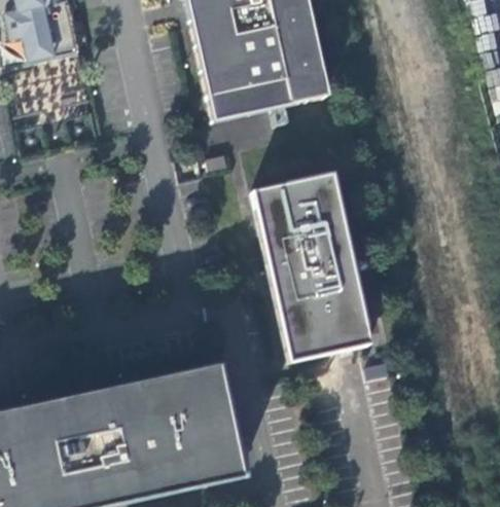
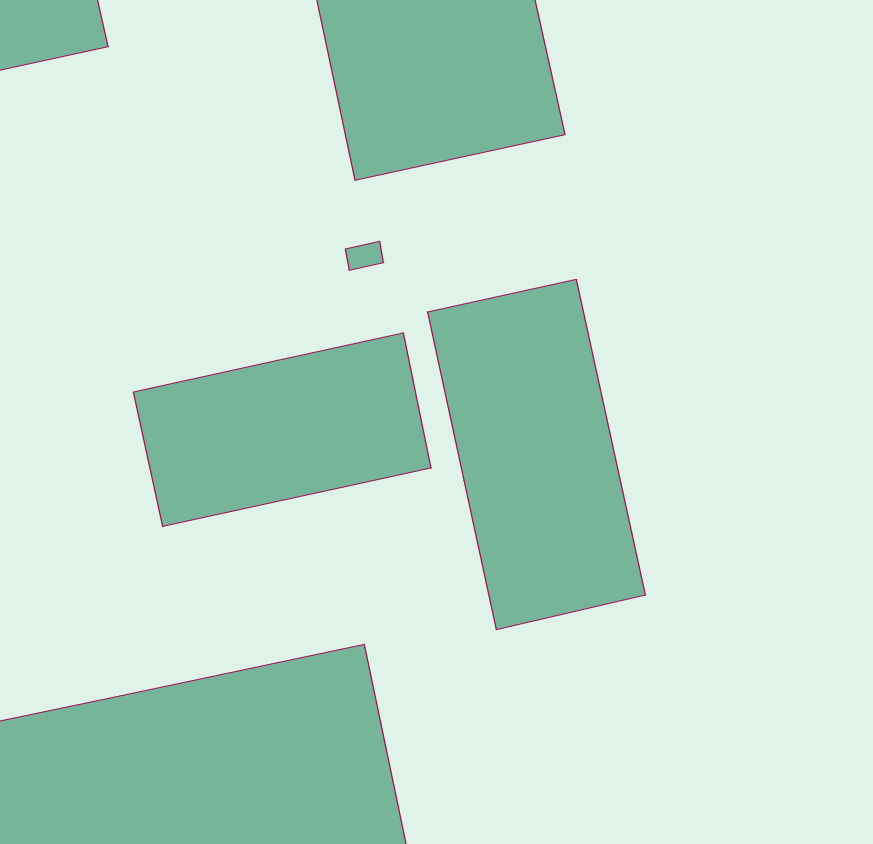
building: none -> [134,333,431,527]

